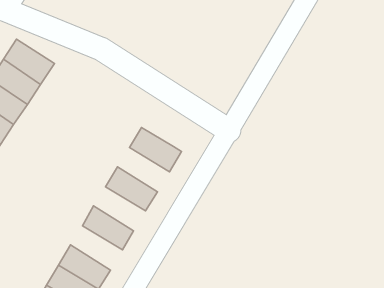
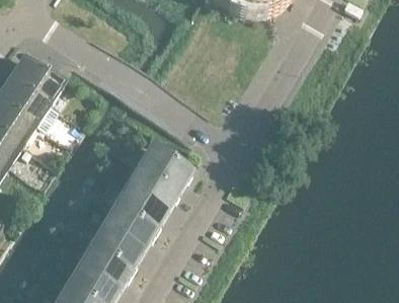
building: none -> [129,160,181,205]
building: none -> [104,200,157,244]
building: none -> [81,239,134,284]

